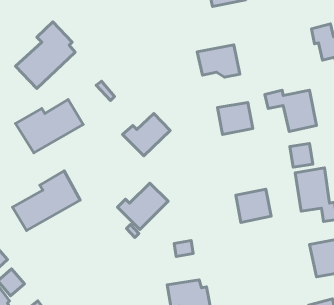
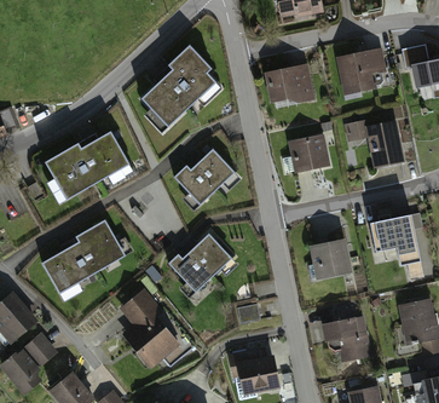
building: [16,22,75,88] -> [143,42,214,122]
building: none -> [337,48,385,94]
building: [290,144,313,167] -> none
building: none -> [120,290,178,368]
building: none -> [322,319,371,359]

